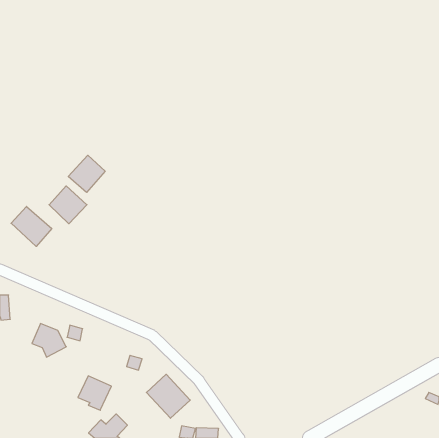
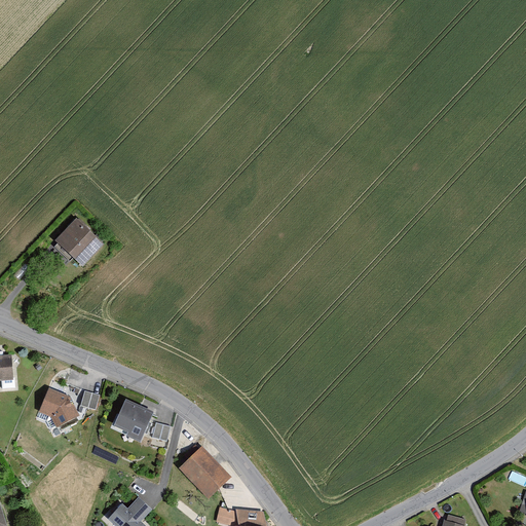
building: [68,155,105,192] -> none
building: [11,206,52,246] -> none
building: [78,376,111,410] -> [113,398,153,439]

